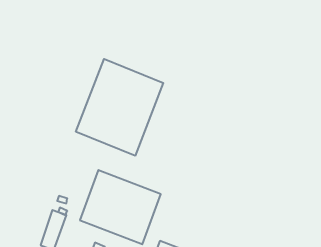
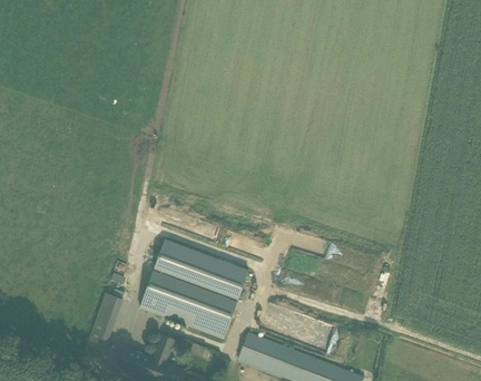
building: [76,59,163,156] -> none

